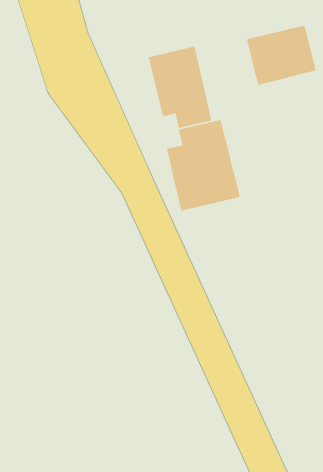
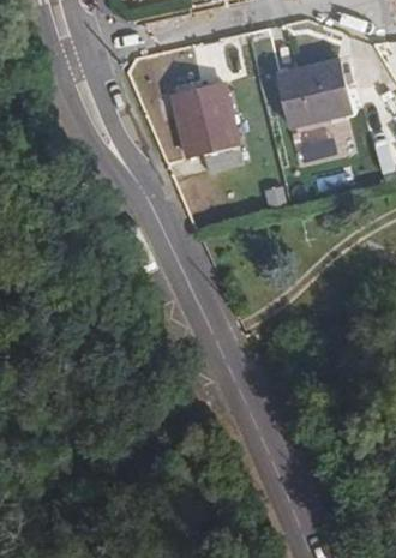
building: [166,119,240,212] -> none

